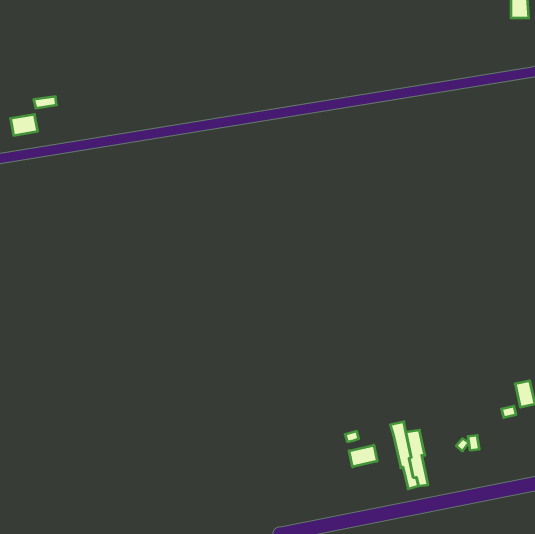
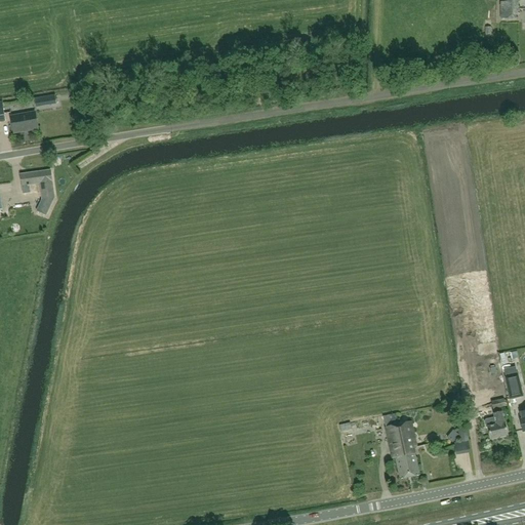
building: none -> [19,168,53,198]
building: none -> [483,411,507,437]
building: [349,445,377,467] -> none

